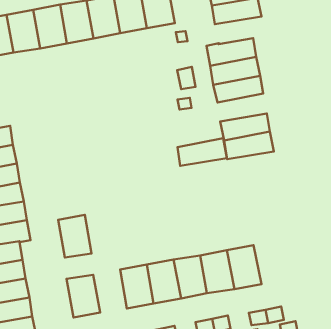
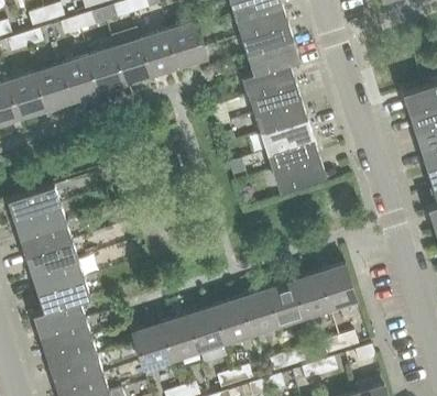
building: none -> [248,40,301,74]
building: [177,138,227,166] -> [261,118,313,152]
building: [58,215,92,258] -> [159,316,197,362]
building: none -> [317,264,357,311]

